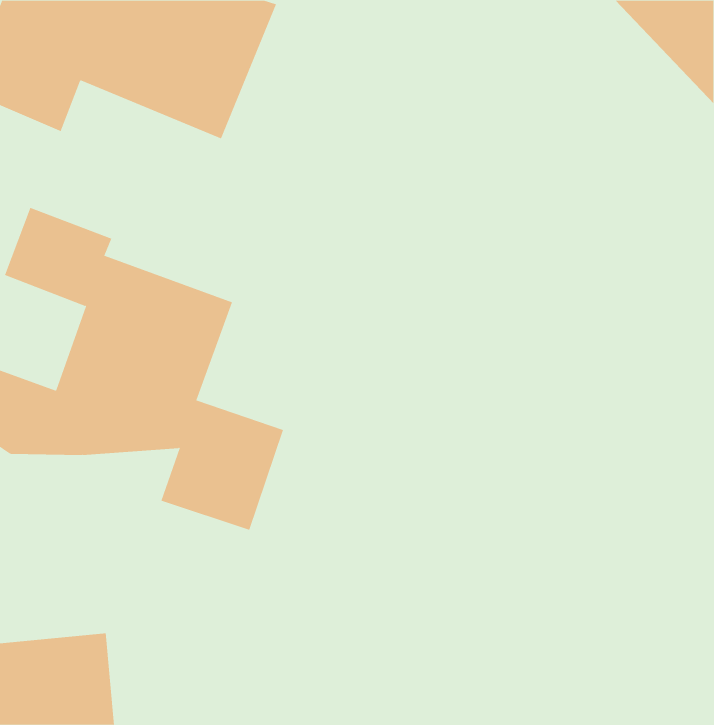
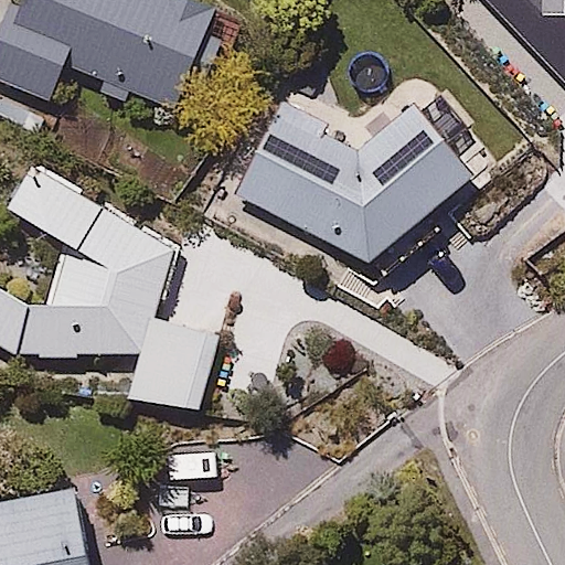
building: none -> [236,98,479,264]

